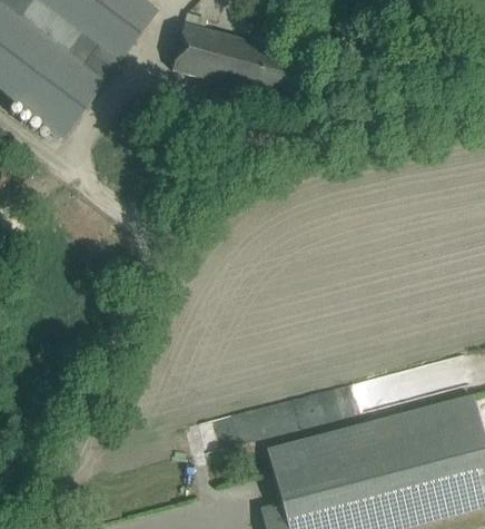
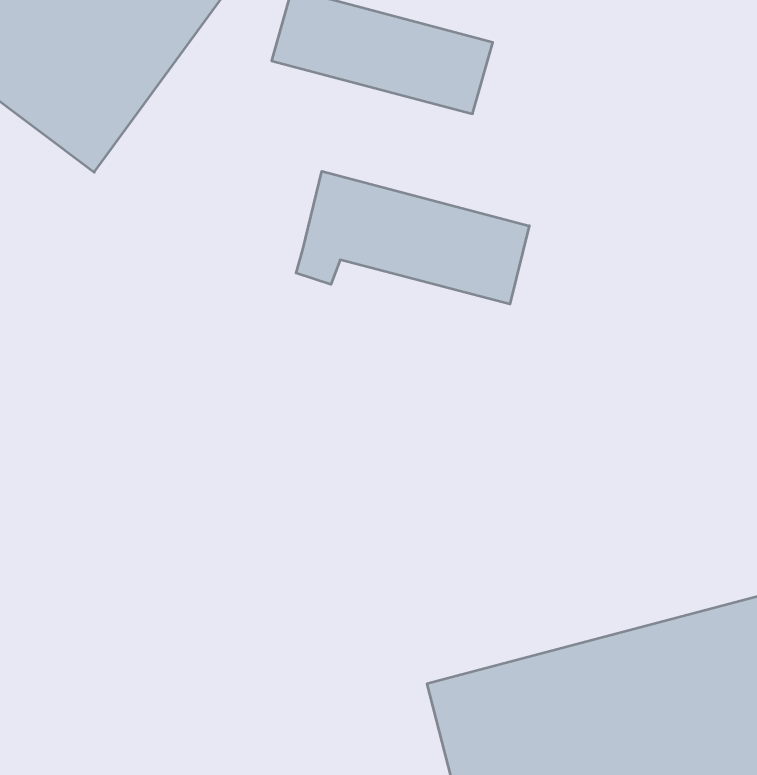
building: none -> [296,171,529,304]

